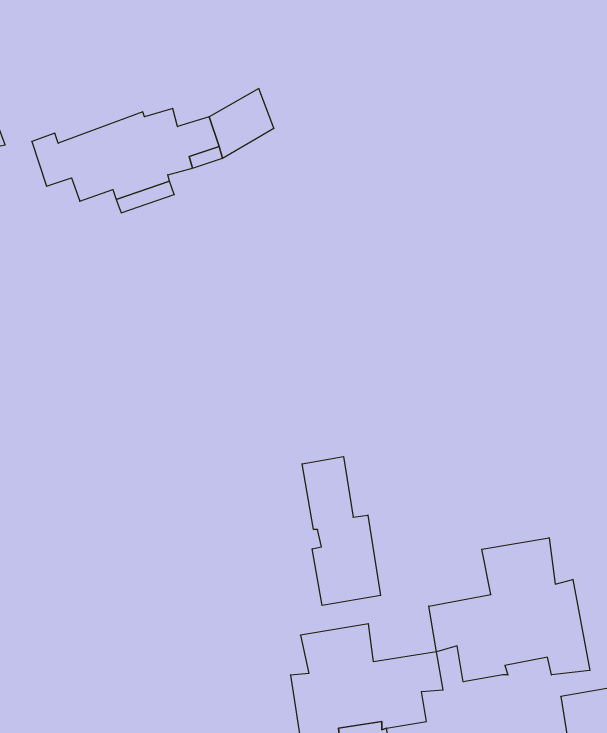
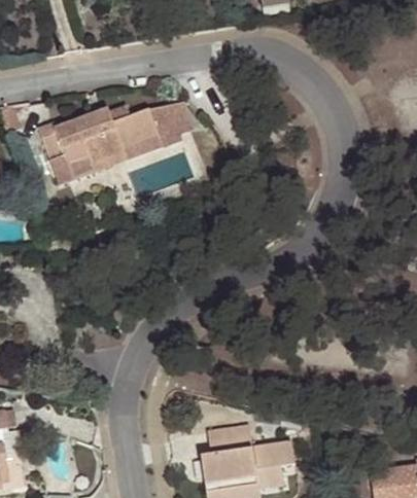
building: [302,457,381,605] -> none
building: [429,538,590,682] -> none

